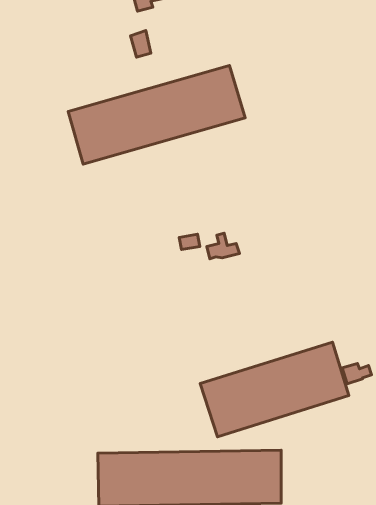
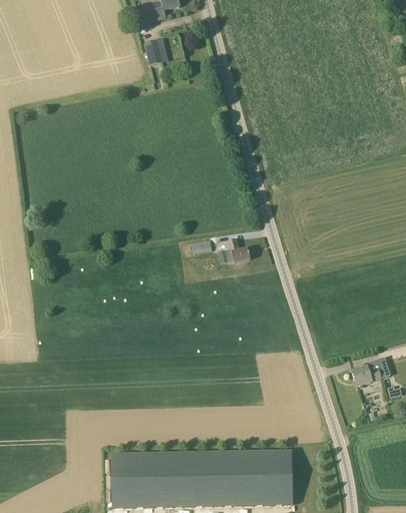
building: [68,65,245,164] -> none
building: [200,342,349,437] -> none

